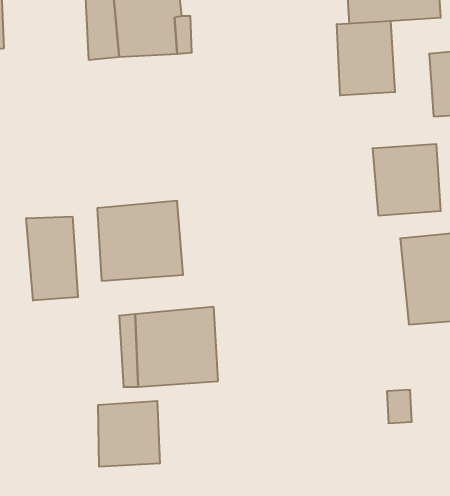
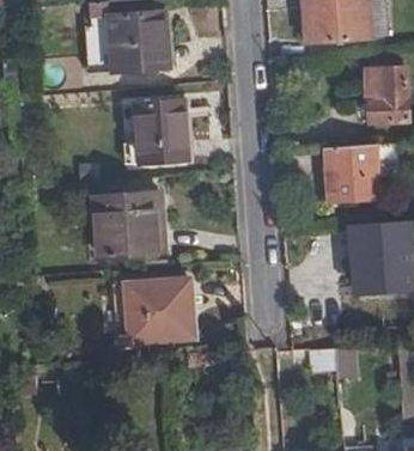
building: [337,21,395,96] -> none
building: none -> [122,103,184,165]
building: [26,217,78,301] -> none
building: [98,401,160,467] -> none

